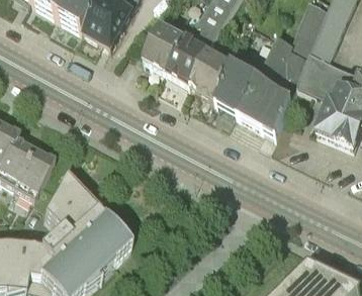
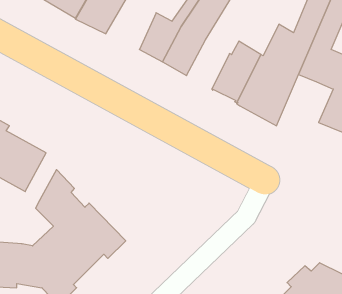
building: [189,50,231,97] -> none

